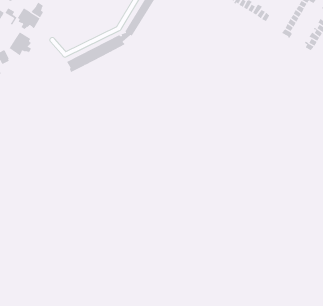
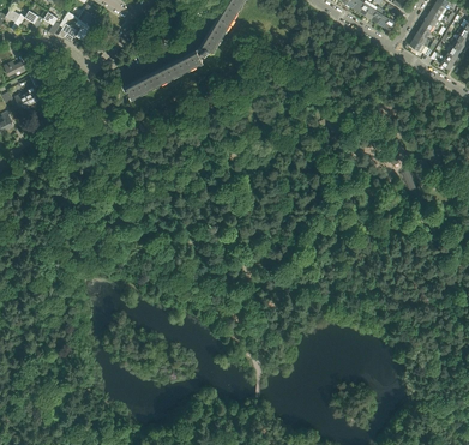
building: [9,31,32,56] -> none

